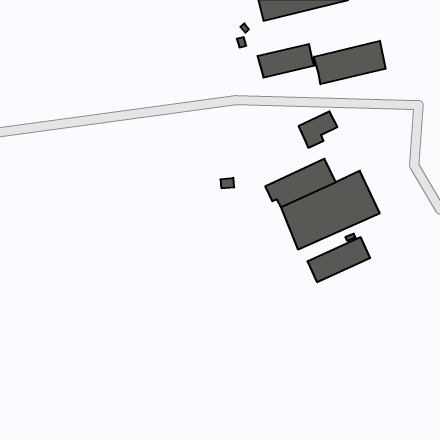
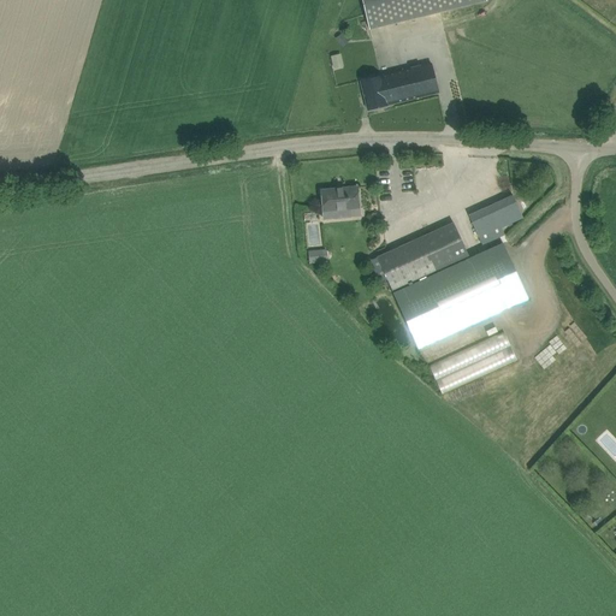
building: [314,41,385,84] -> none
building: [299,111,337,148] -> [469,194,523,244]
building: none -> [320,185,360,218]

